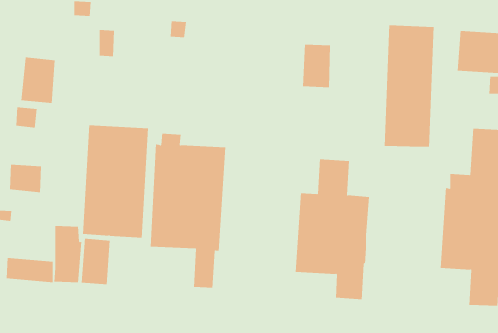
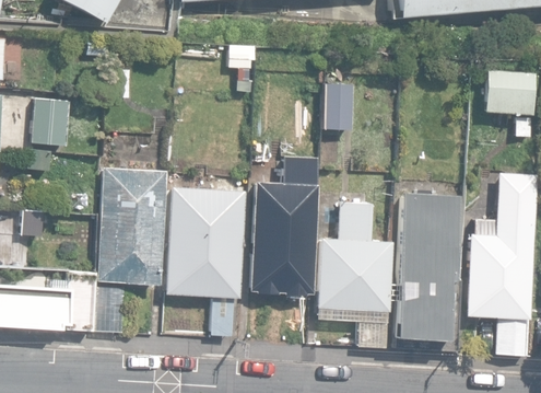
building: [384,25,434,147] -> none
building: none -> [251,155,319,296]
building: none -> [398,194,466,352]

